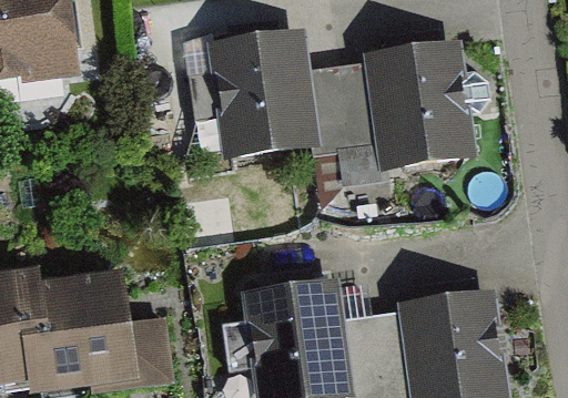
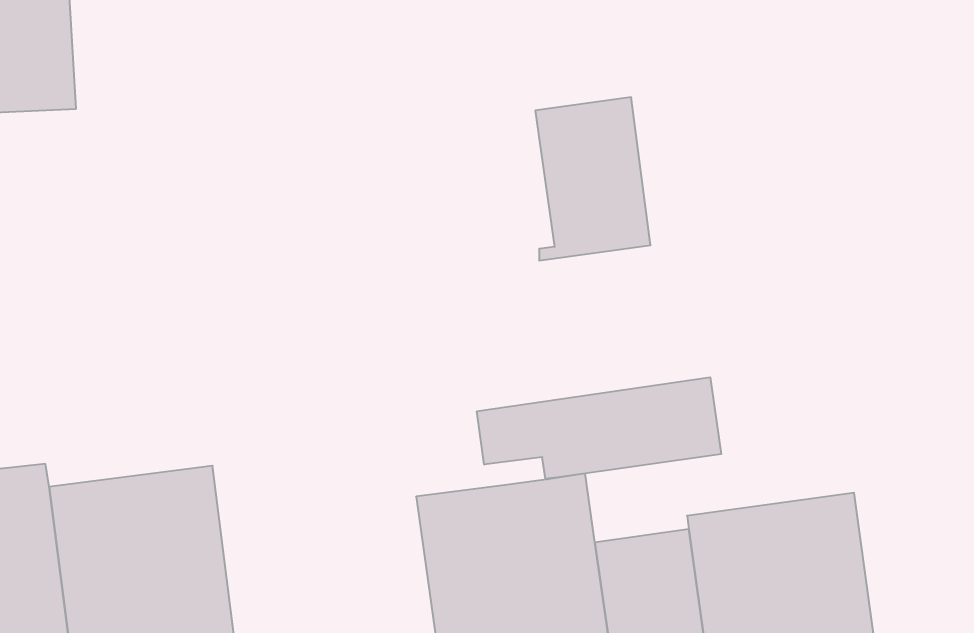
building: [206,27,321,157] -> none
building: [364,39,476,169] -> none
building: none -> [477,377,721,479]

